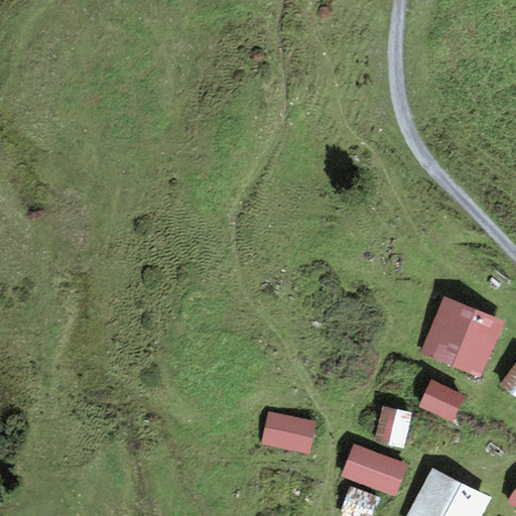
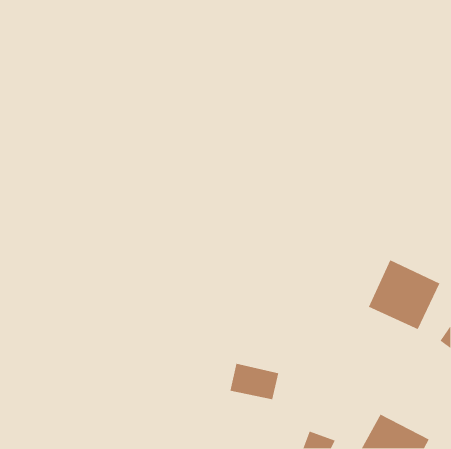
building: [416,380,466,425] -> none
building: [374,407,412,445] -> none
building: [342,444,408,496] -> none

